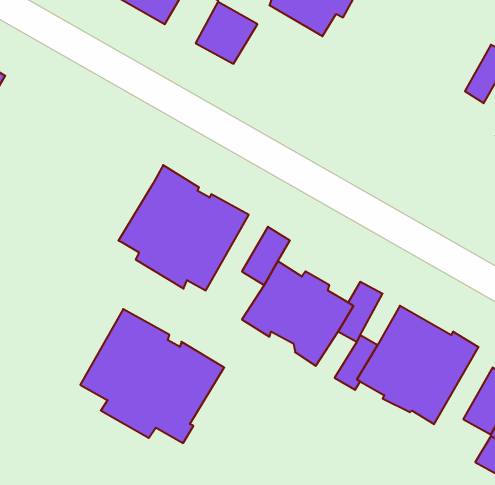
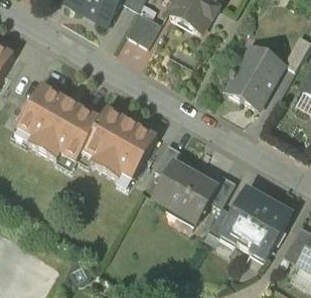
building: none -> [225,50,282,111]
building: [80,309,224,443] -> [16,84,101,162]

